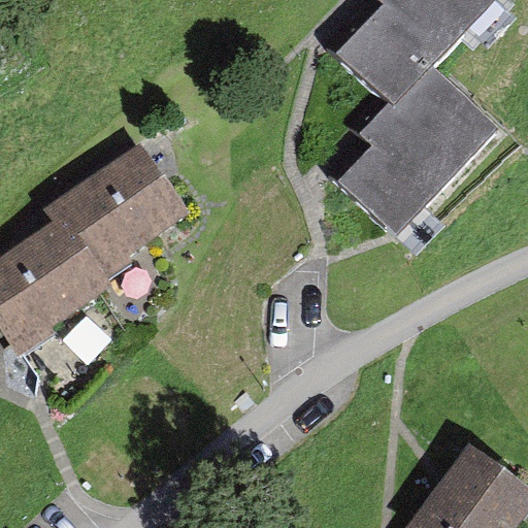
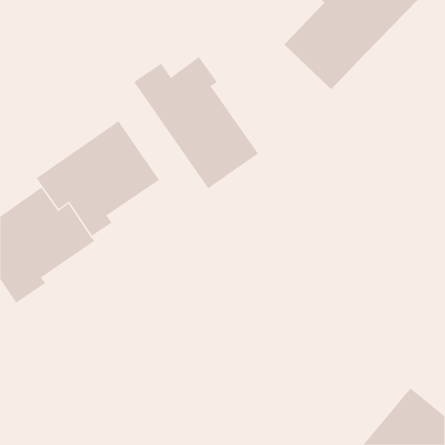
building: [337,64,499,237] -> none
building: none -> [133,56,259,189]

